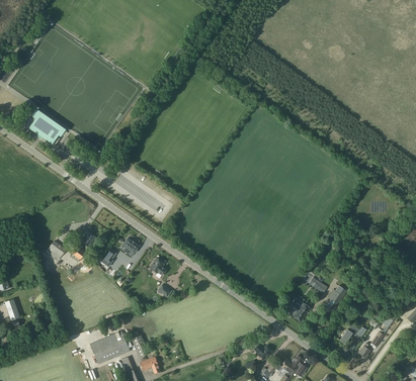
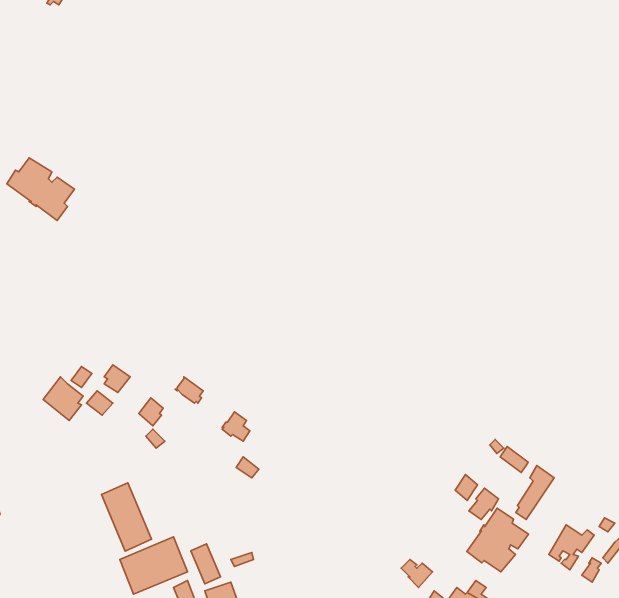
building: none -> [101,483,152,551]
building: none -> [467,508,529,572]

